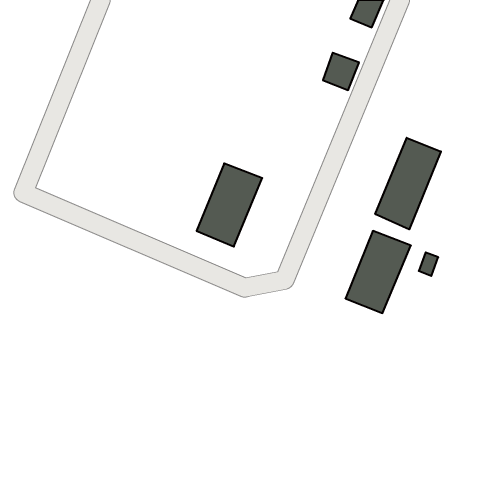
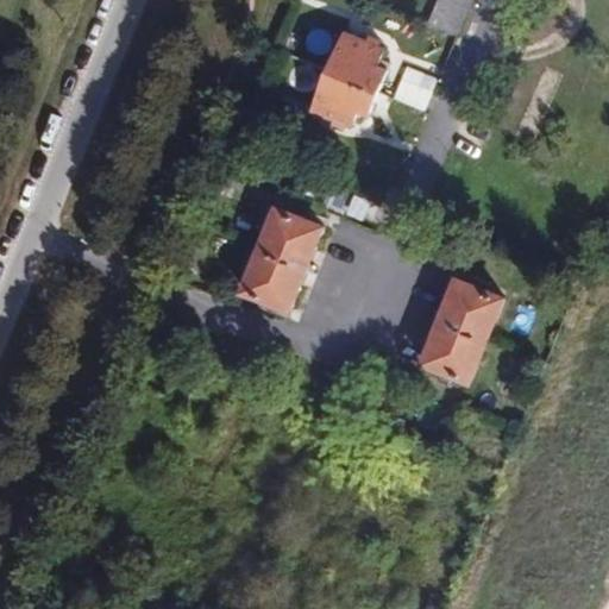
building: none -> [310,31,382,121]
building: [375,138,441,229] -> none

